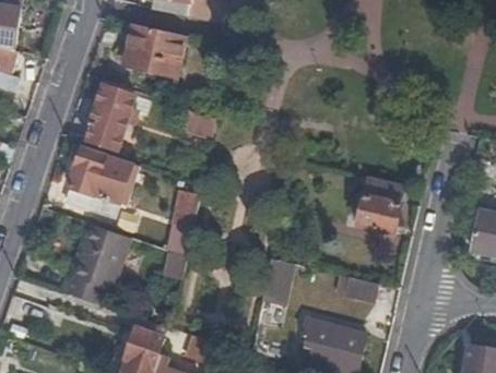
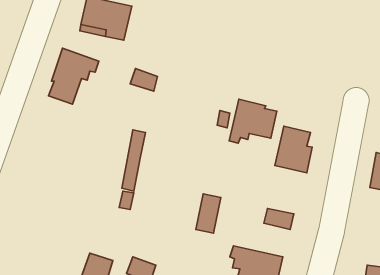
building: none -> [229,99,277,143]
building: [66,146,139,215] -> none
building: [61,224,130,305] -> none

